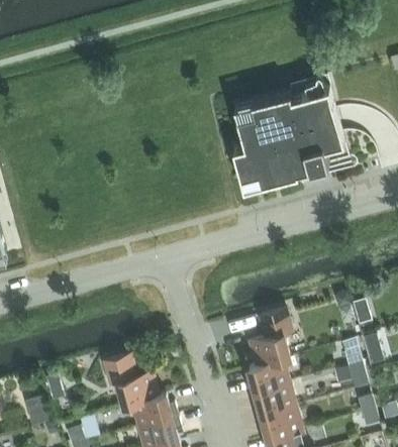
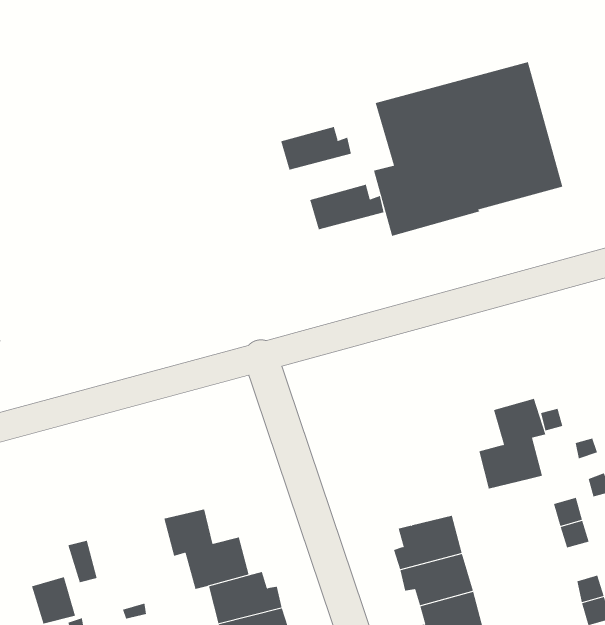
building: none -> [280,126,351,170]
building: none -> [310,184,384,230]
building: [251,311,292,366] -> [478,398,546,489]

